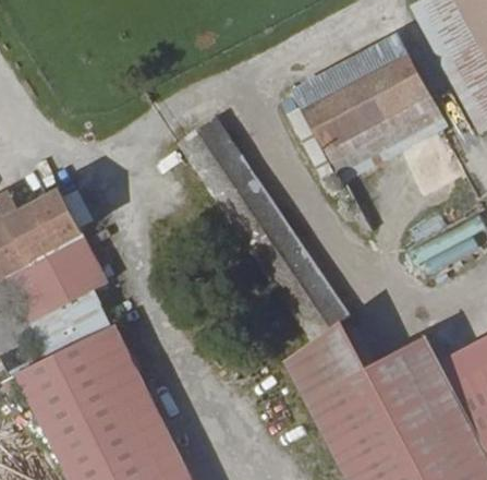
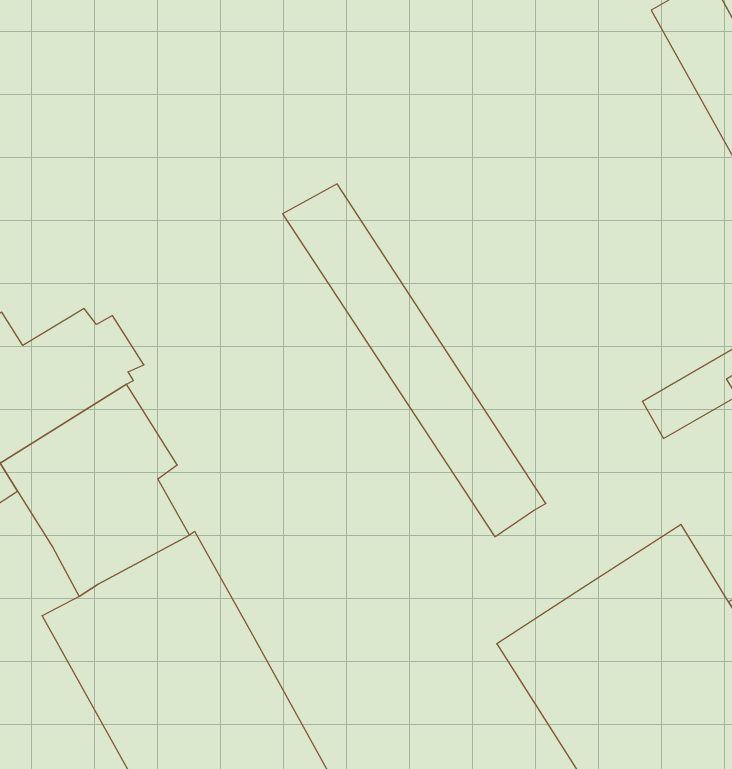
building: [281,36,438,187] -> none
building: [282,319,366,401] -> none

